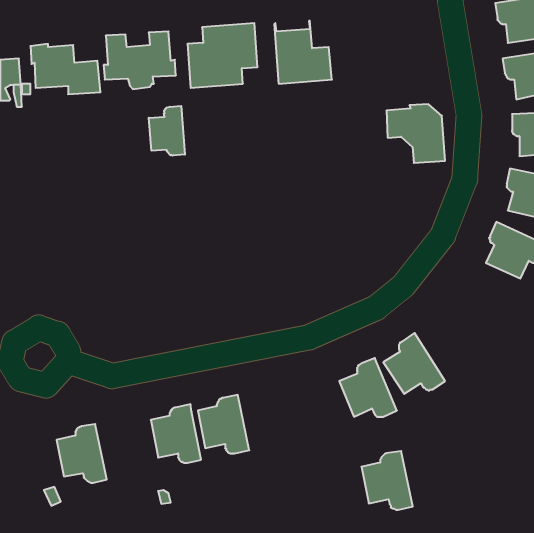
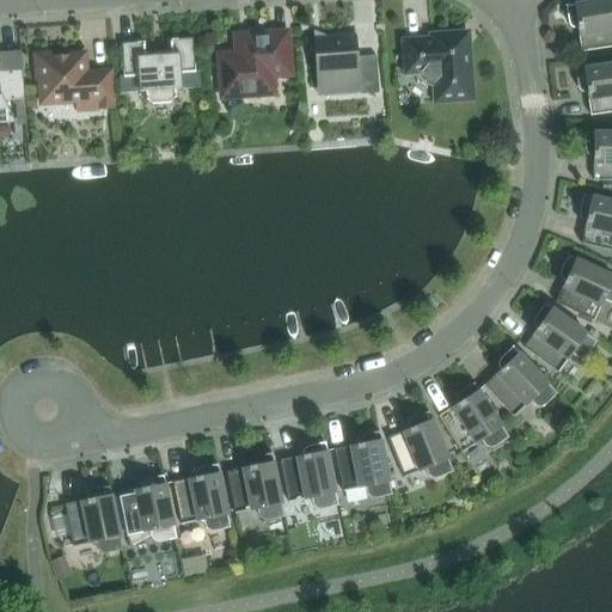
building: [386,104,445,163] -> [405,32,472,99]
building: [149,106,185,156] -> none
building: none -> [524,301,598,371]
building: none -> [484,344,558,415]
building: none -> [281,440,339,507]
building: none -> [120,472,177,545]
building: [361,451,413,510] -> [335,429,393,496]

